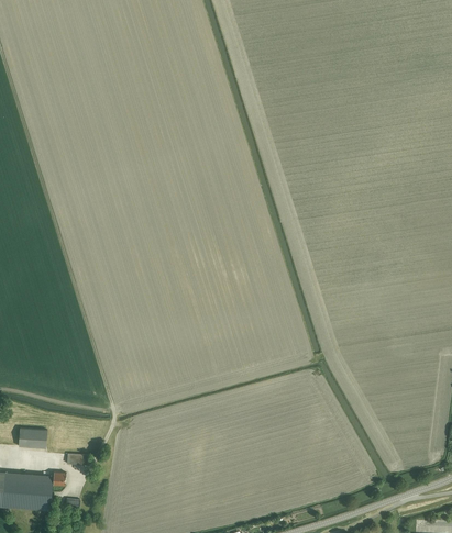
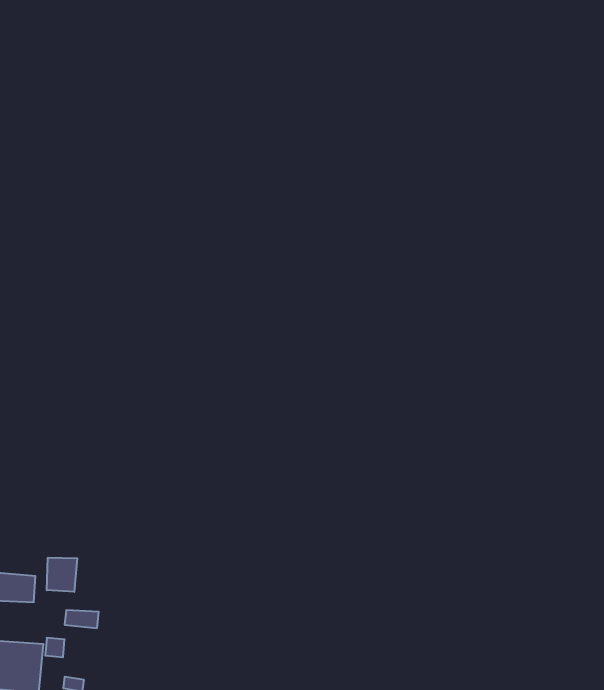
building: none -> [47,558,77,592]

